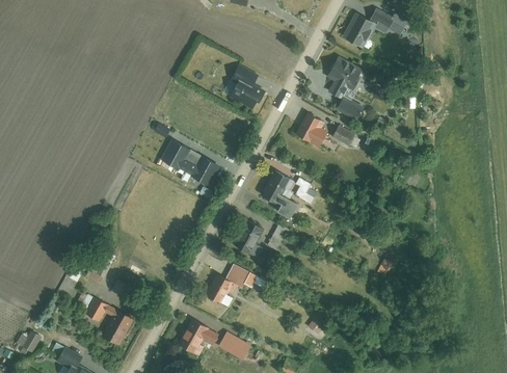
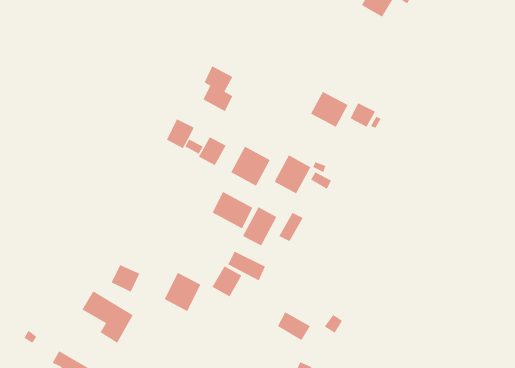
building: [328,61,368,118] -> none
building: [230,64,258,107] -> [203,66,233,112]
building: none -> [231,146,271,186]
building: none -> [212,191,253,229]
building: [178,320,212,356] -> [164,272,201,312]
building: [220,332,251,359] -> [277,311,311,341]

